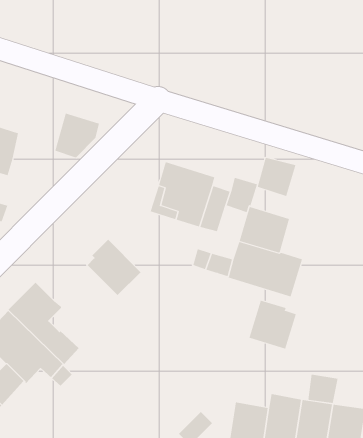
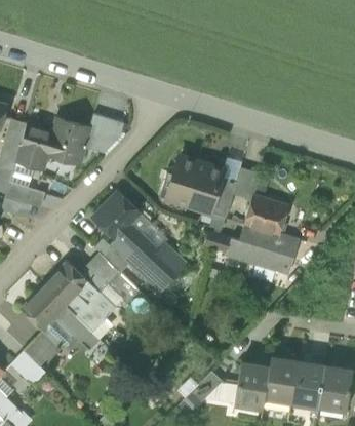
building: none -> [49,119,90,164]
building: [257,157,296,197] -> none
building: none -> [94,192,141,239]
building: none -> [140,244,189,295]
building: none -> [85,255,140,304]
building: [249,300,296,350] -> none
building: [308,374,338,404] -> none

